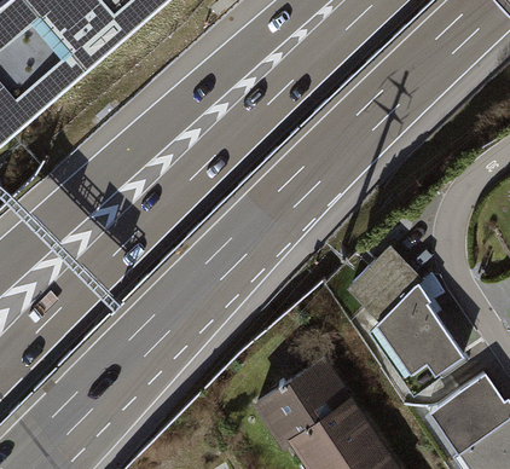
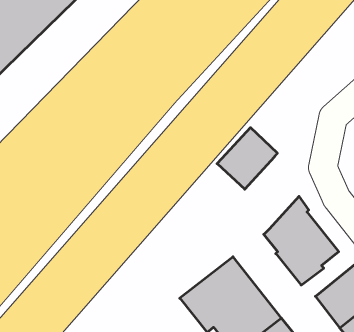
building: [343,245,421,323] -> [217,128,277,189]

